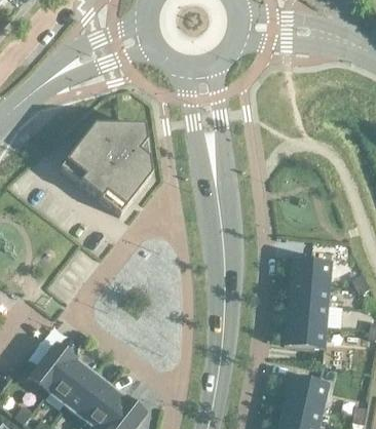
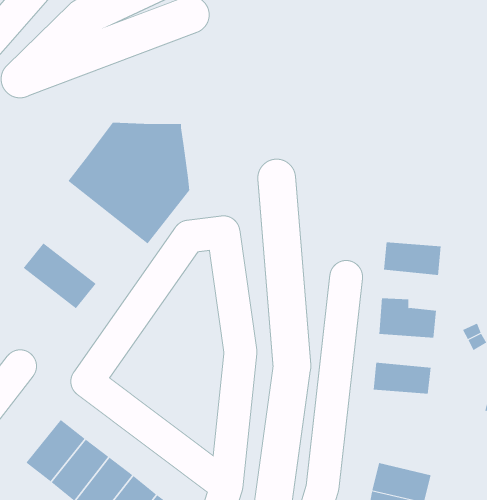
building: none -> [23,242,97,309]
building: [288,281,331,306] -> [383,242,442,275]
building: [285,322,327,347] -> none

